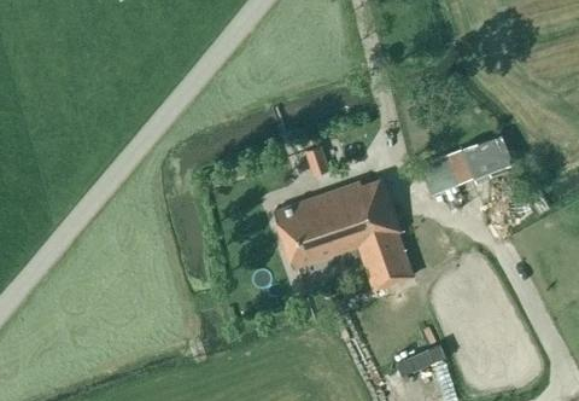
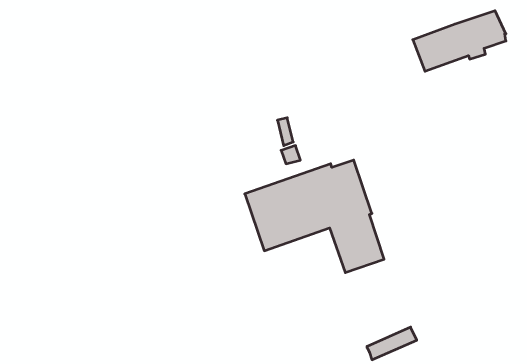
building: [419,136,511,197] -> [413,11,506,71]

